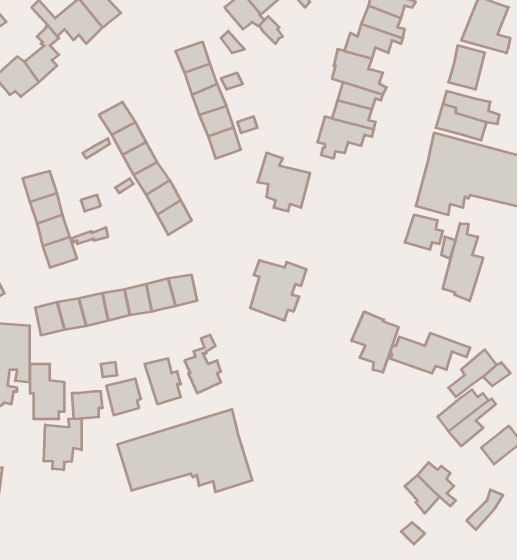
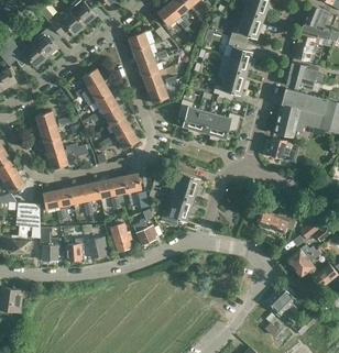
building: none -> [204,112,239,141]
building: [443,223,483,301] -> none
building: none -> [160,194,195,227]
building: [352,312,398,372] -> none
building: [118,409,252,492] -> none
building: [44,419,82,470] -> none

